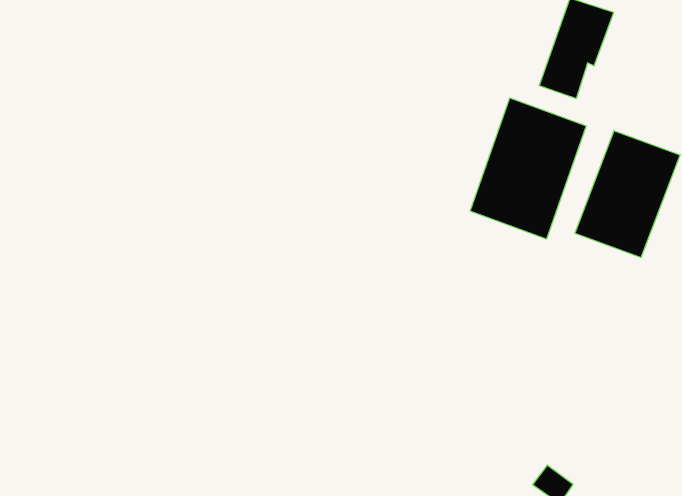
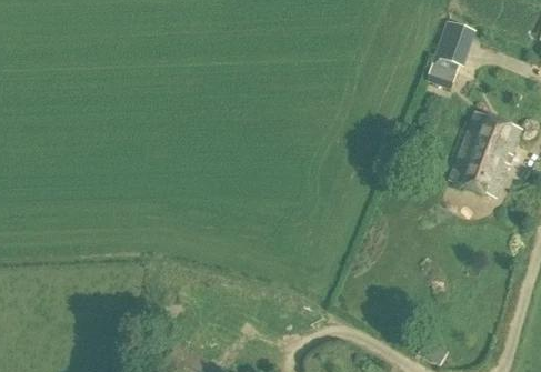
building: [470,98,586,239] -> none

